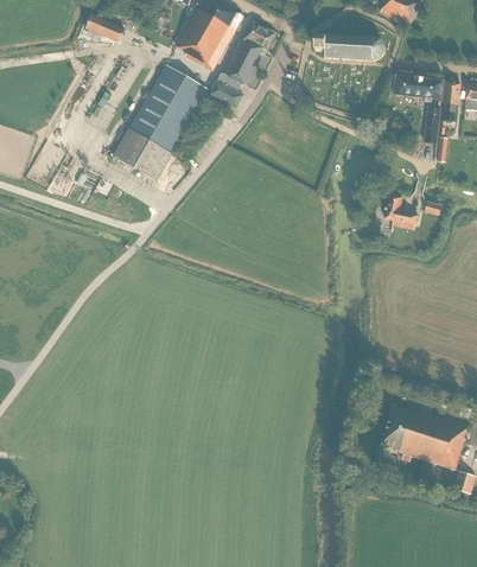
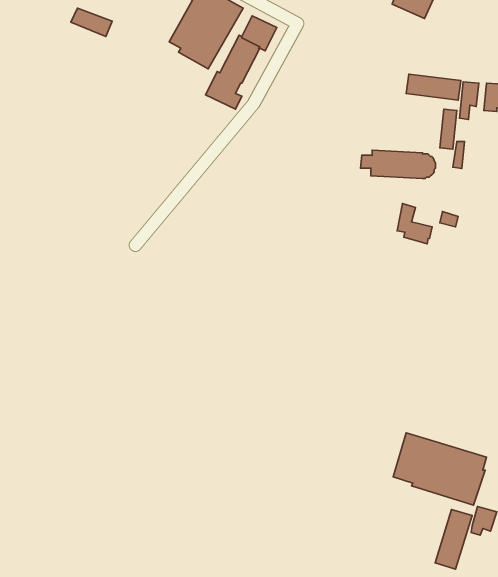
building: [313,34,382,60] -> [360,150,436,179]
building: [113,65,208,180] -> none
building: none -> [435,510,472,569]

